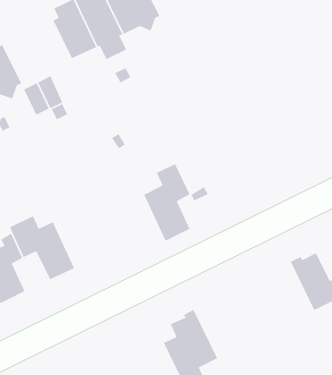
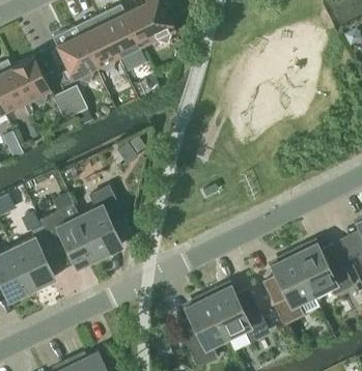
building: none -> [52,27,95,83]
building: [143,163,190,242] -> [79,188,121,258]
building: none -> [263,252,313,324]
building: none -> [205,286,268,342]

